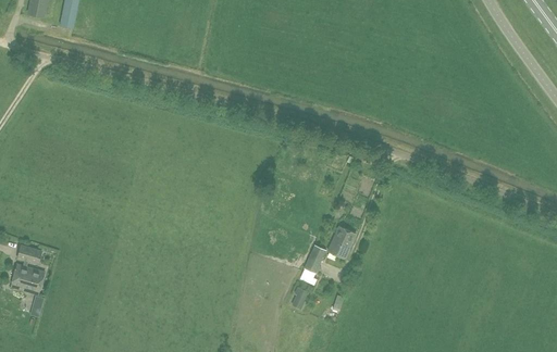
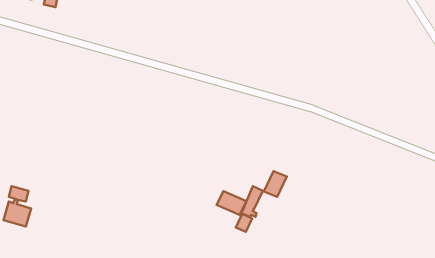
building: none -> [216,191,247,215]

